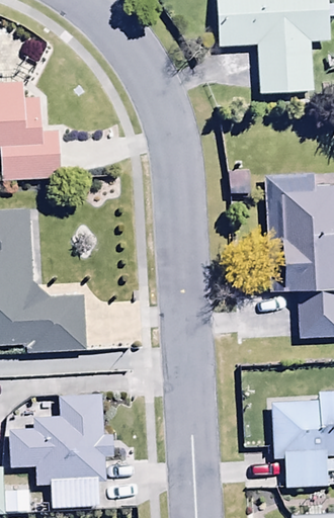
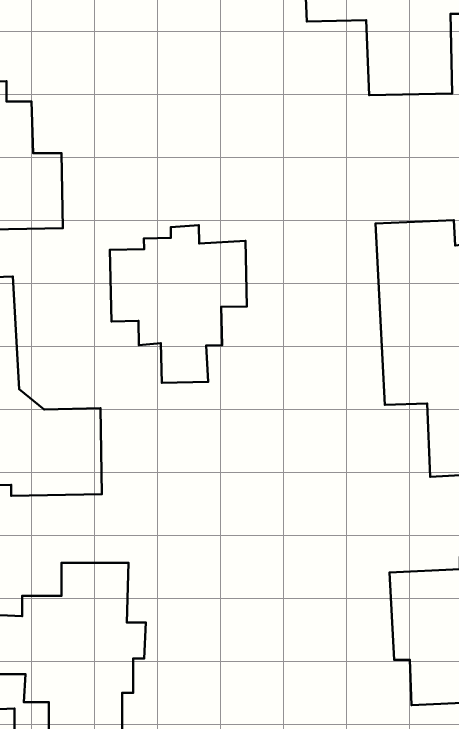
building: none -> [110,225,247,383]

